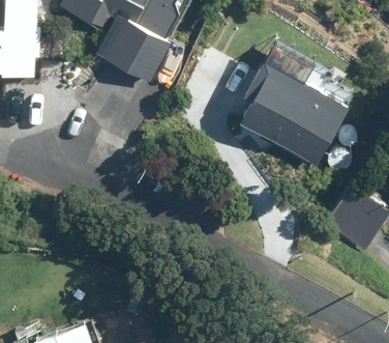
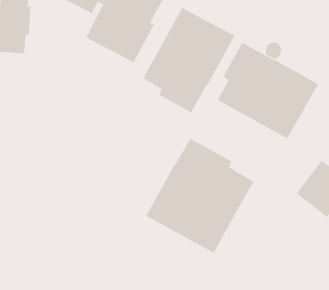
building: none -> [142,7,235,113]
building: none -> [146,138,254,253]

